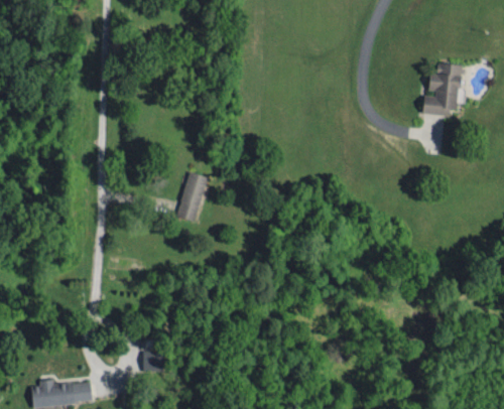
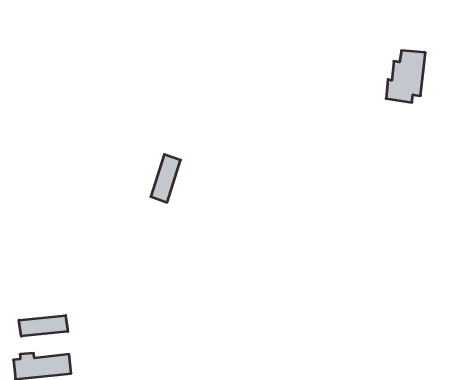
building: none -> [19,315,68,336]
building: [141,350,164,371] -> none

